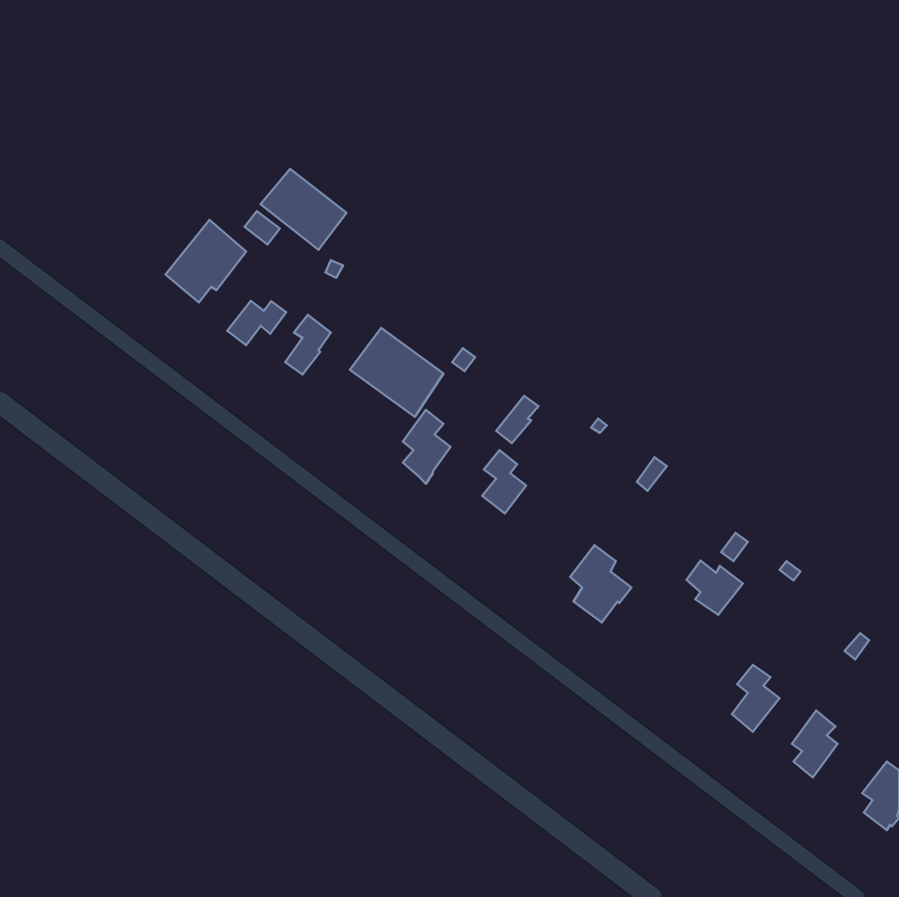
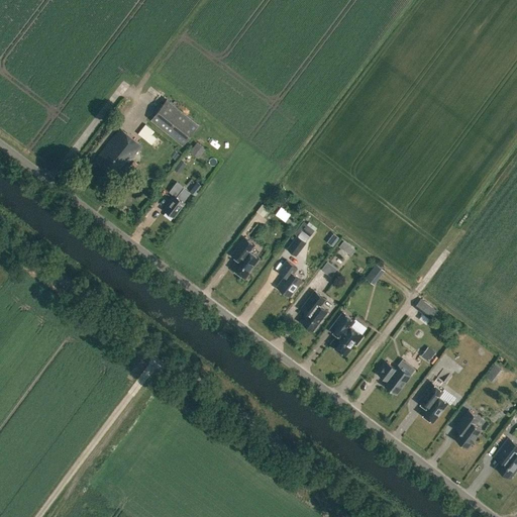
building: [227,301,286,345] -> none
building: [350,328,444,417] -> none
building: none -> [300,289,327,329]
building: [686,560,743,615] -> [378,360,410,392]

